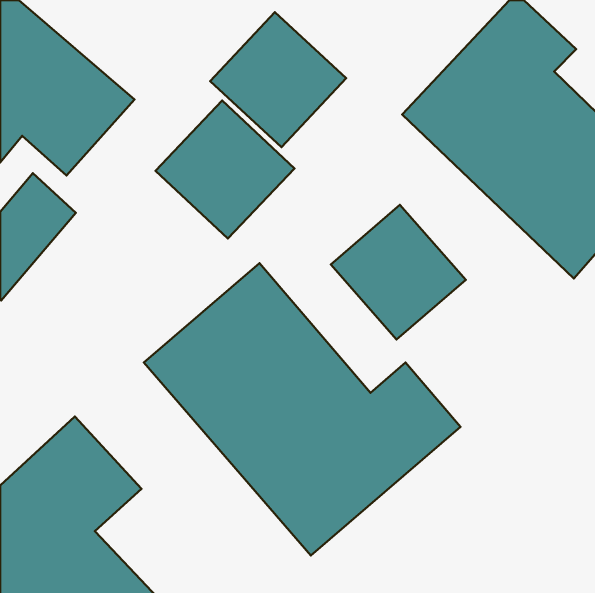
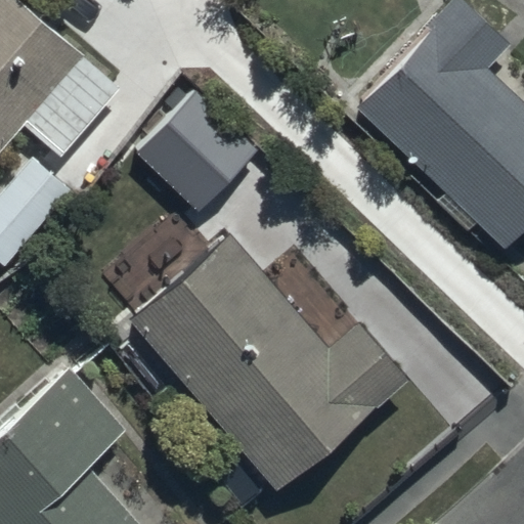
building: [210,12,346,147] -> none
building: [331,205,466,340] -> none

